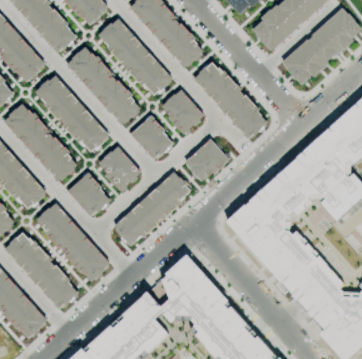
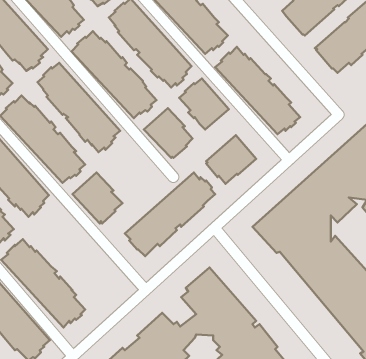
building: [97,145,141,191] -> none
building: [36,202,109,281] -> none

